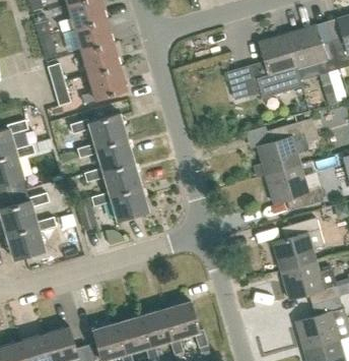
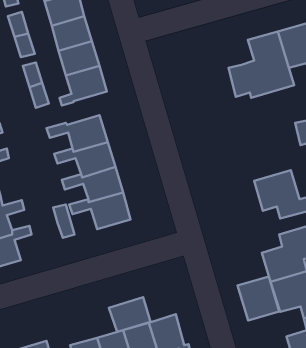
building: [257,121,308,175] -> none
building: none -> [238,277,279,321]
building: none -> [109,297,151,332]

